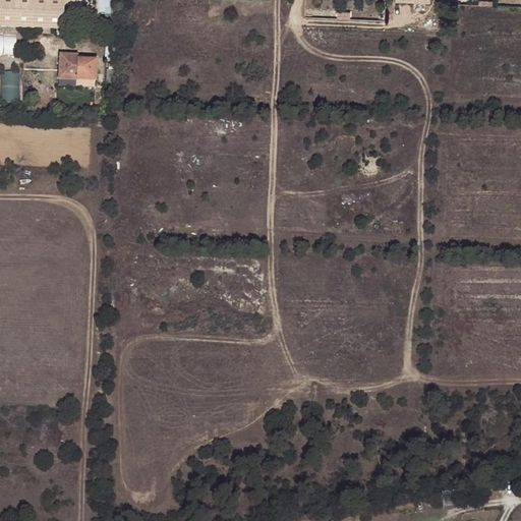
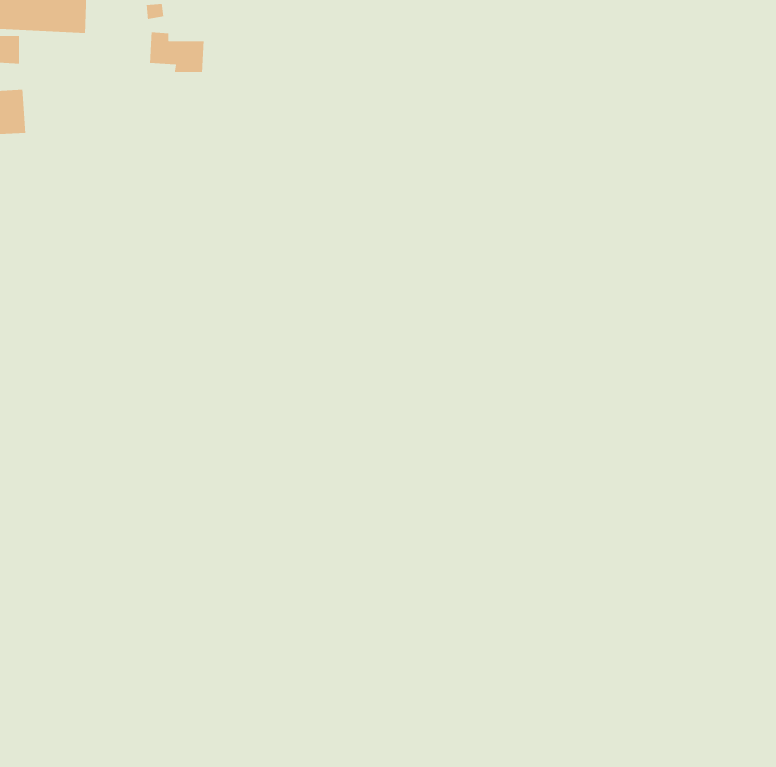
building: [55,49,92,76] -> [149,31,204,73]

